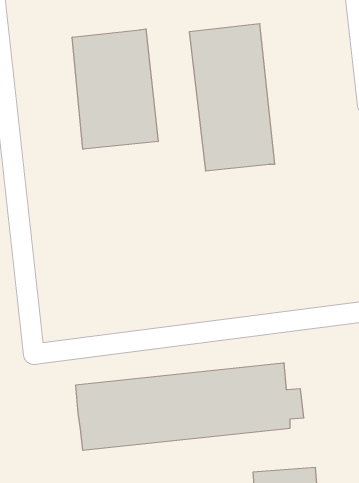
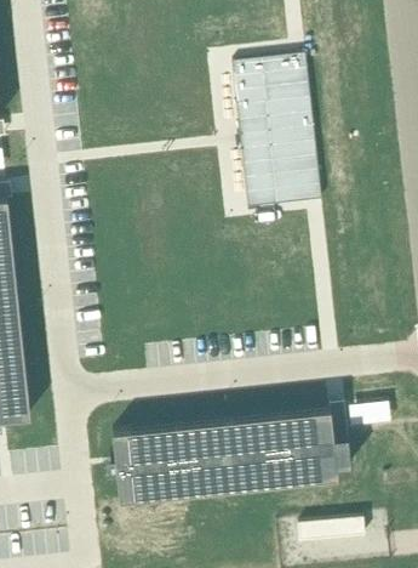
building: [72,29,158,149] -> none

